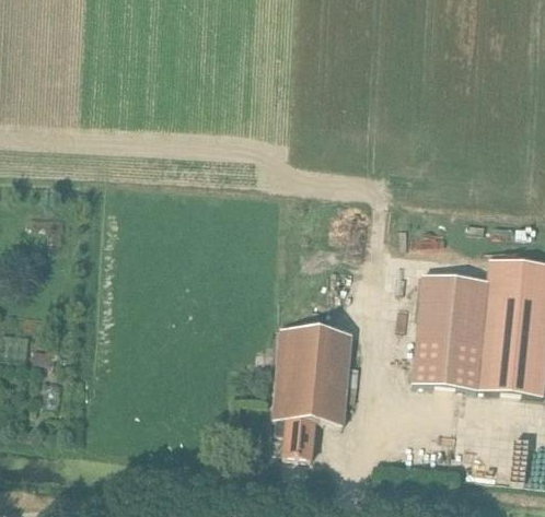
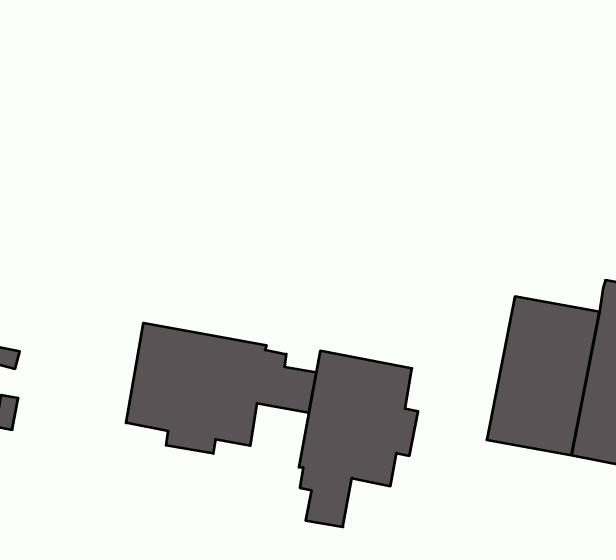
building: none -> [126,323,316,454]

